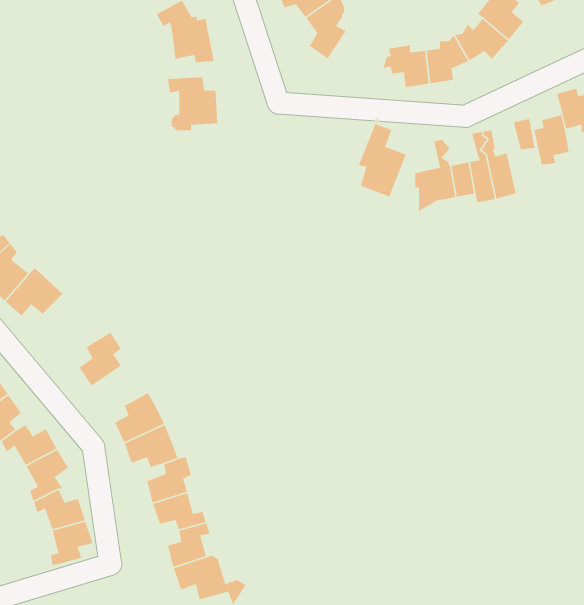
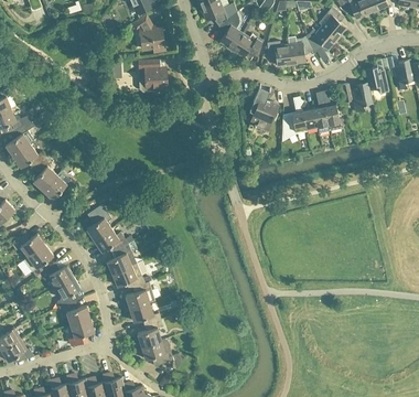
building: none -> [232,33,262,61]
building: none -> [94,228,127,251]

